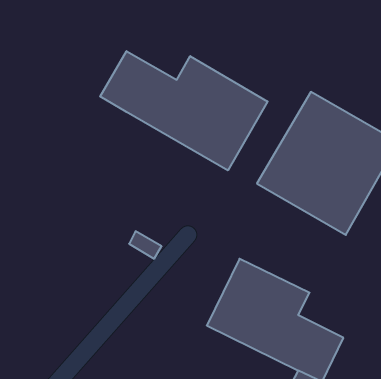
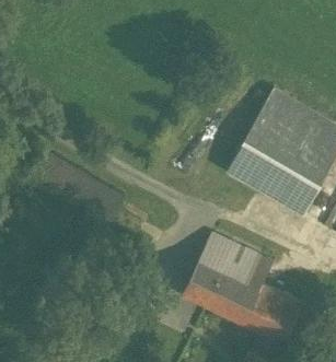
building: [100,51,268,170] -> none

